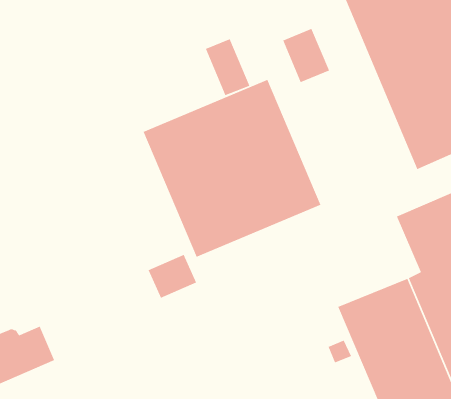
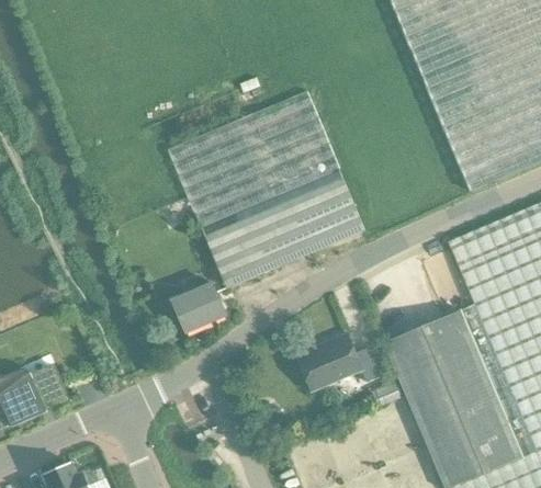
building: [282,28,330,83] -> none
building: [205,38,251,96] -> none
building: none -> [300,337,384,390]

